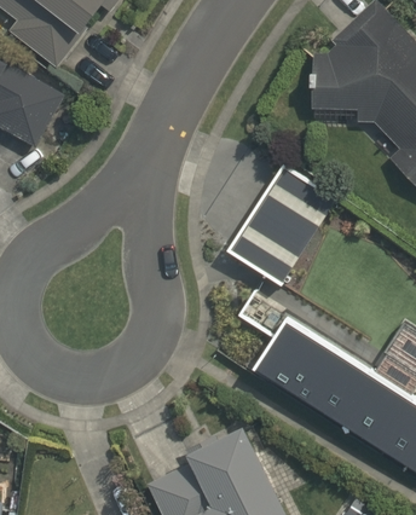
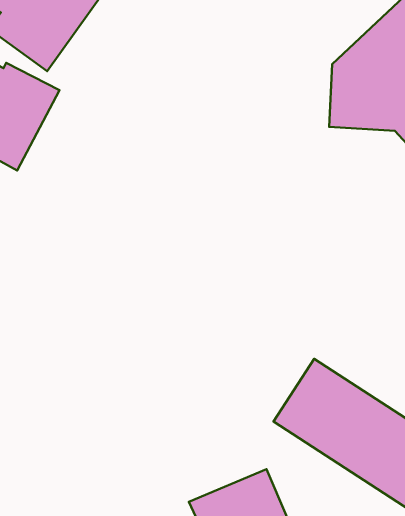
building: [226,160,345,287] -> none

